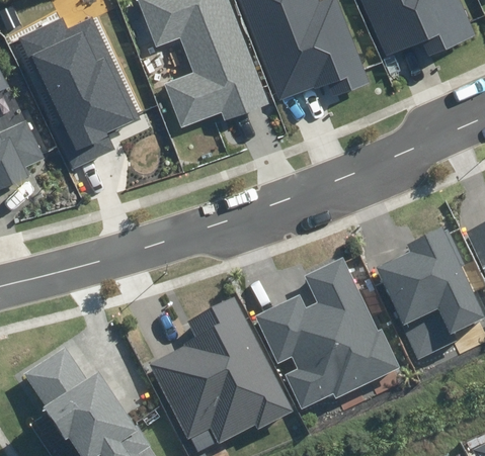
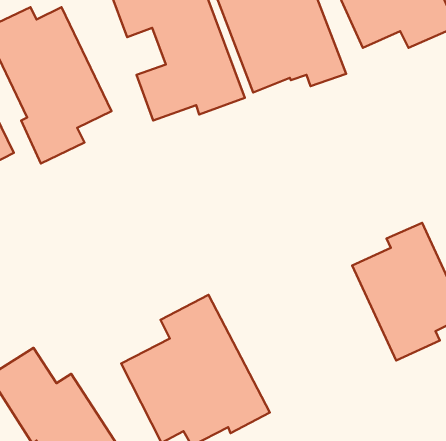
building: [255,259,401,408] -> none

